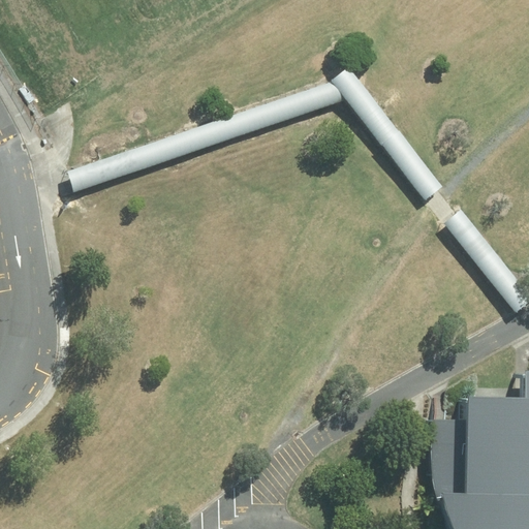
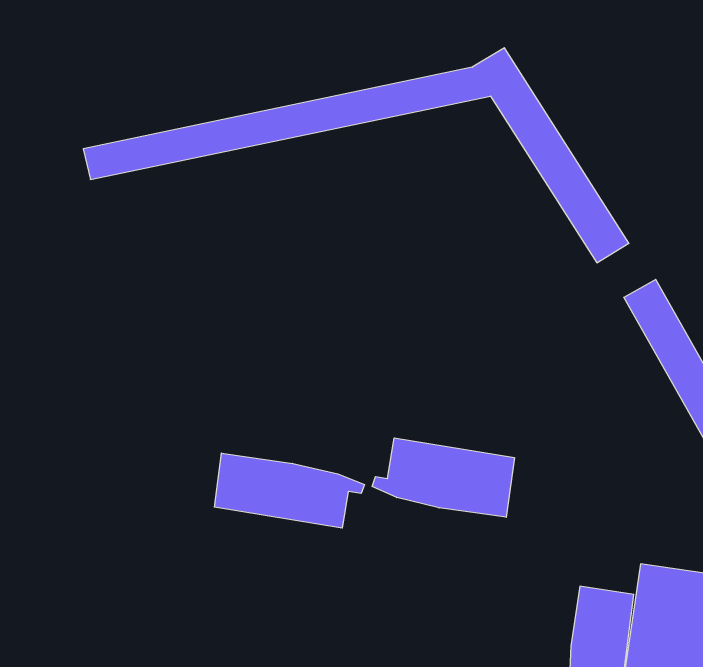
building: none -> [372,438,514,517]
building: none -> [214,453,364,528]

